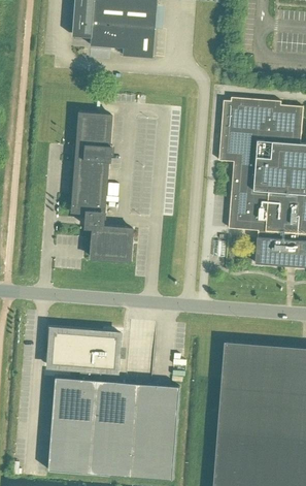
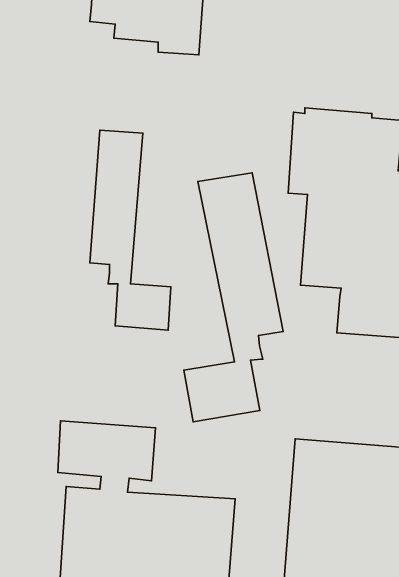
building: none -> [184,173,283,422]

